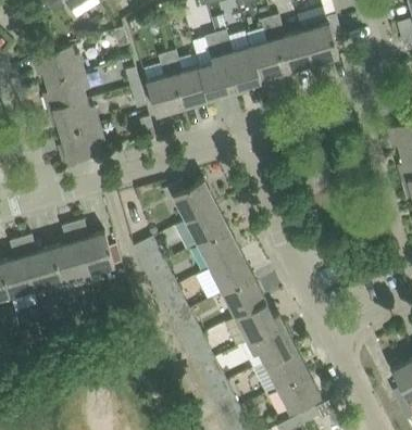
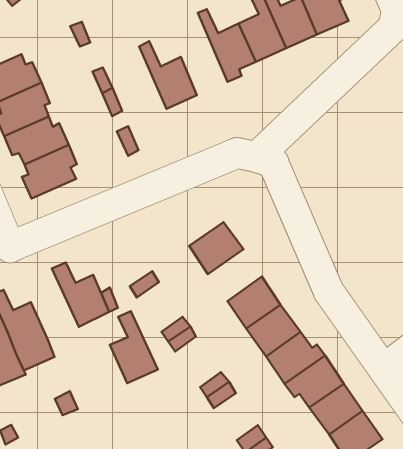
building: [199,33,234,99] -> none
building: [146,53,182,114] -> none
building: [162,179,215,219] -> none
building: [51,223,87,280] -> [110,311,158,383]
building: [197,228,240,268] -> none

